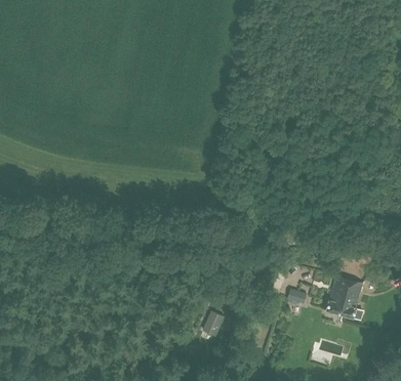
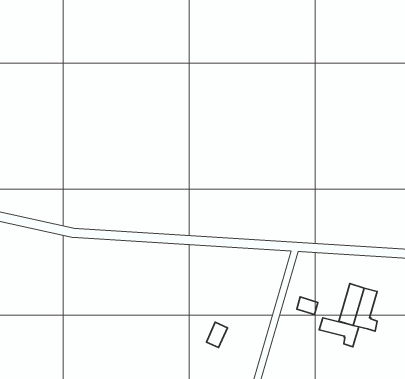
building: none -> [319,318,359,347]

